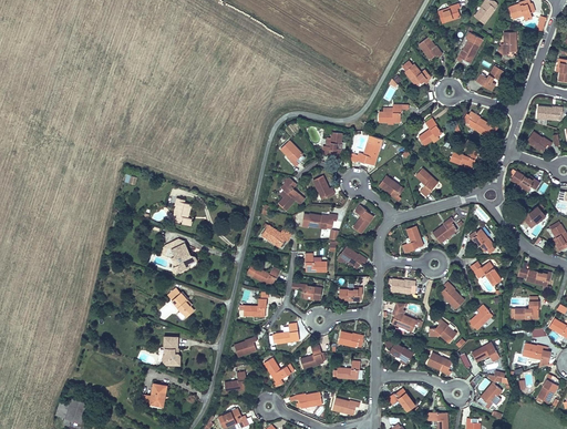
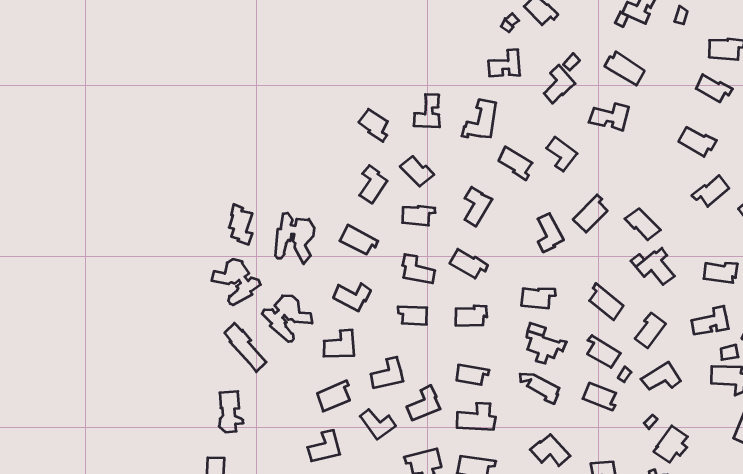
building: none -> [276,213,314,264]
building: none -> [262,296,312,342]

